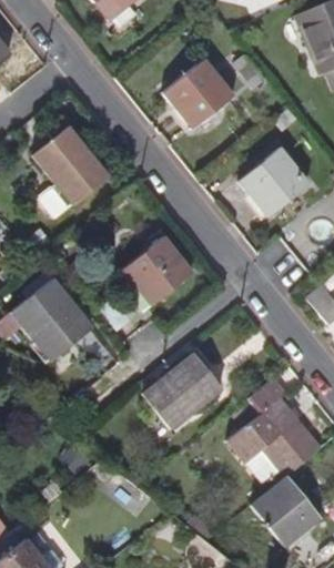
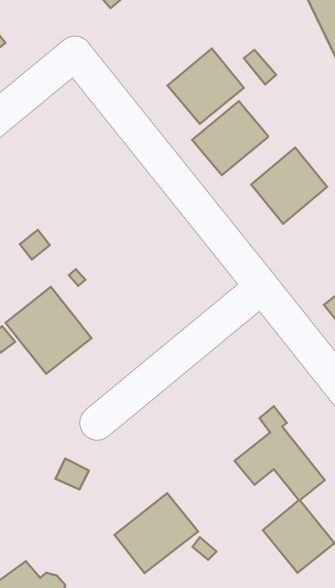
building: none -> [192,101,268,175]
building: [33,125,110,205] -> none
building: [123,239,194,308] -> none
building: [143,354,221,428] -> [115,493,198,573]

